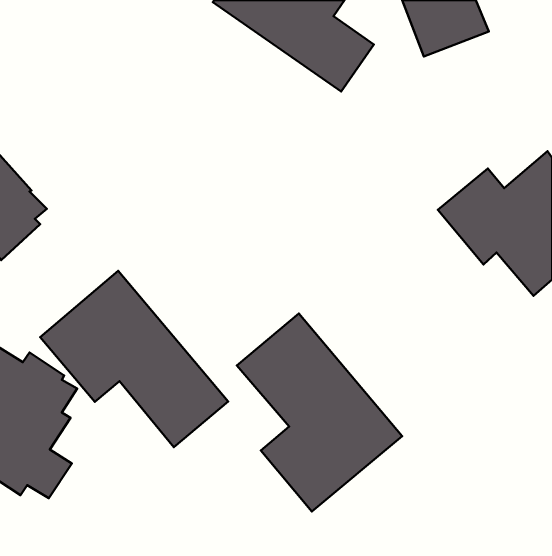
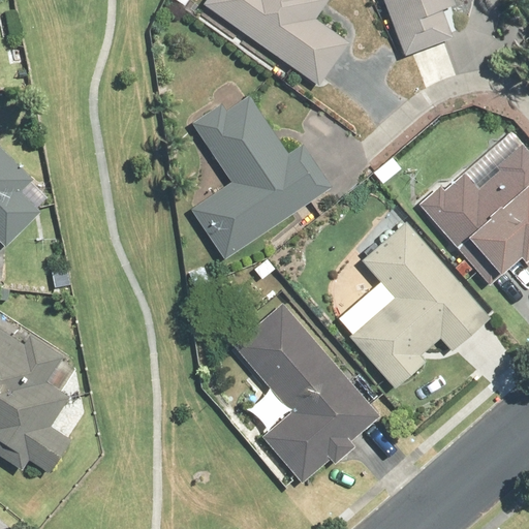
building: none -> [185,86,337,266]
building: none -> [346,215,494,394]
building: [40,271,228,447] -> none

